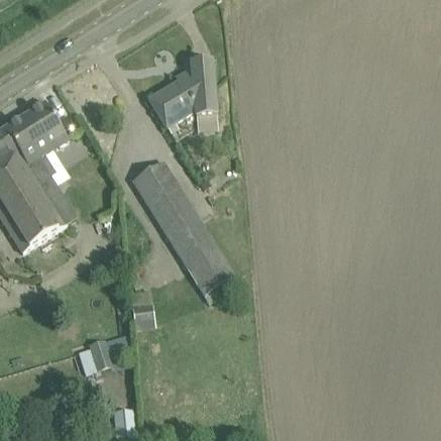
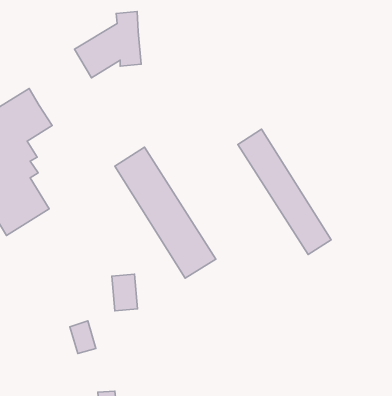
building: [148,59,216,126] -> [75,11,141,78]
building: none -> [238,129,331,255]

